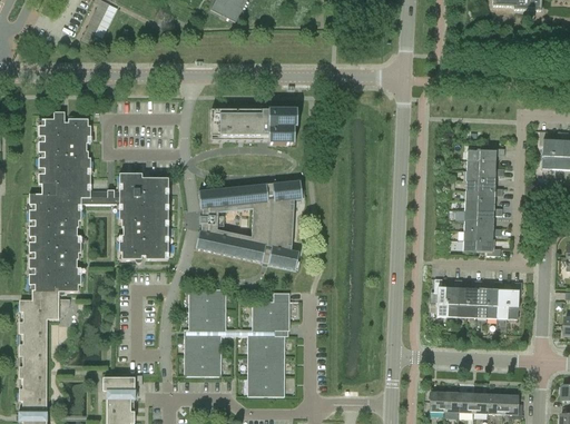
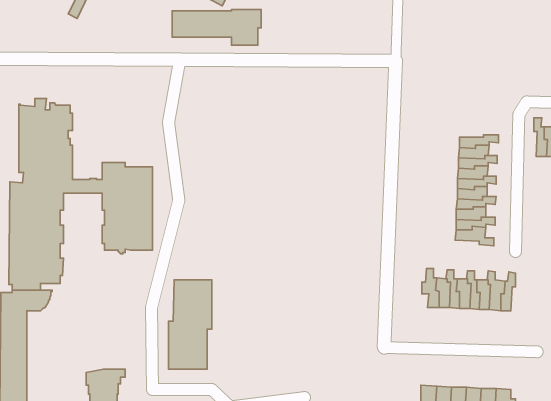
building: [210,109,297,144] -> [172,10,261,45]
building: [196,179,302,268] -> none
building: [247,292,291,395] -> none

